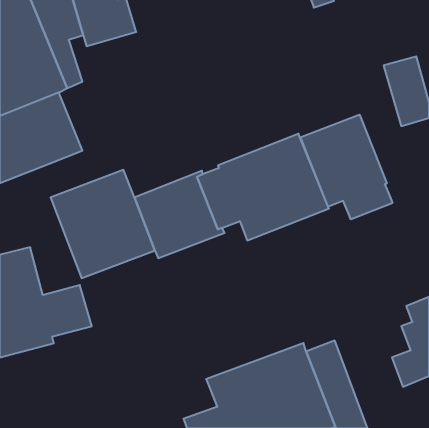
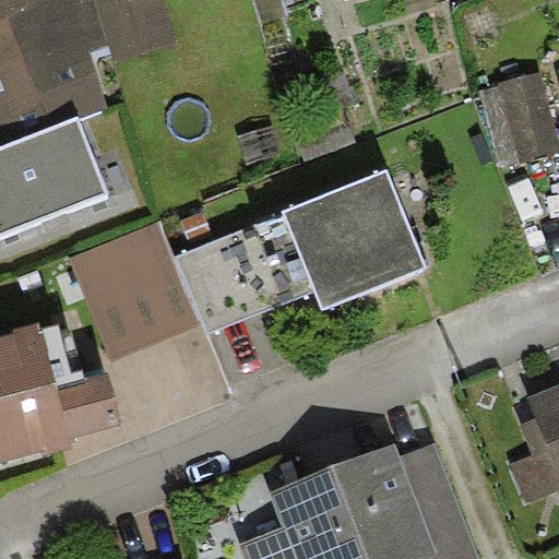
building: [300,115,392,219] -> none

